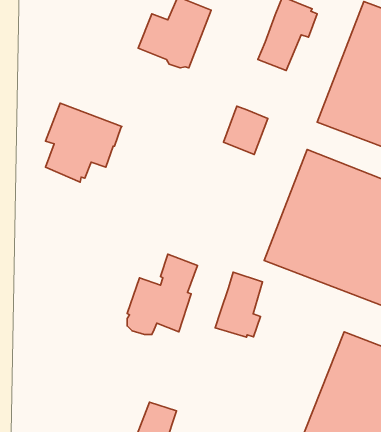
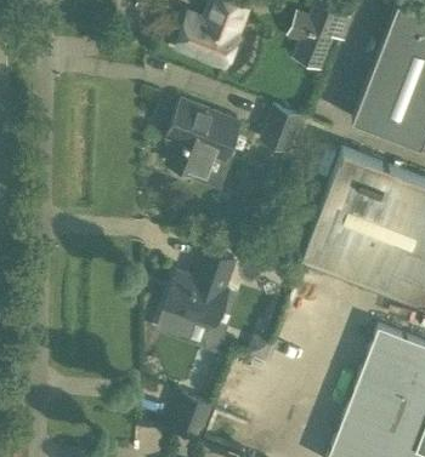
building: [45,103,122,182] -> [166,101,242,178]
building: [215,272,263,337] -> none

